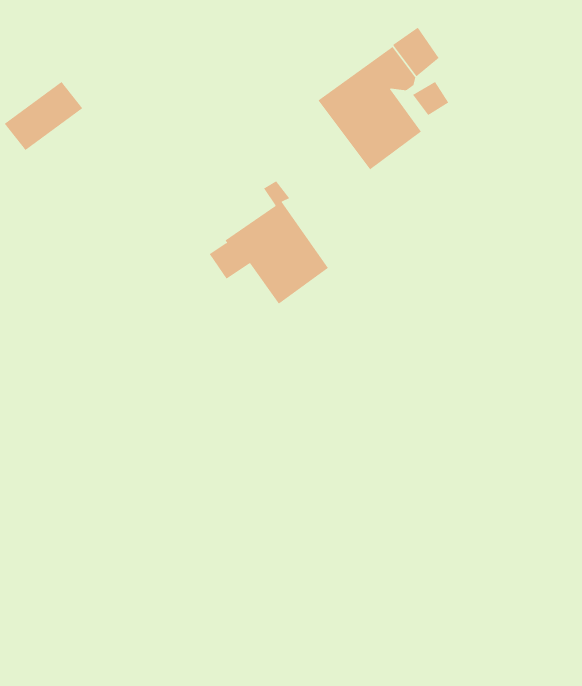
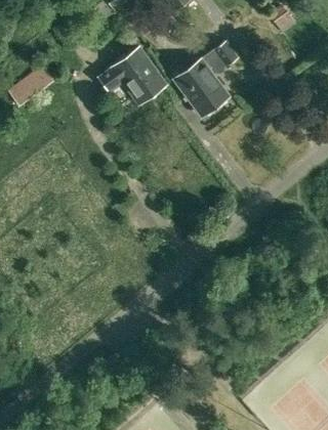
building: [209,181,329,305] -> [101,38,165,103]

